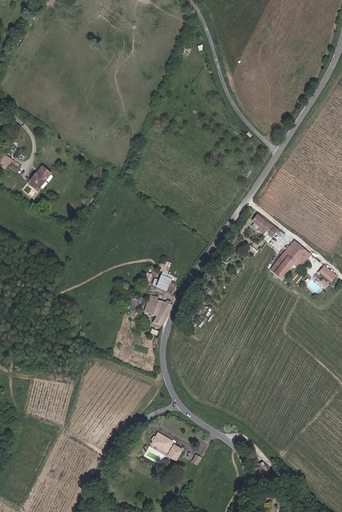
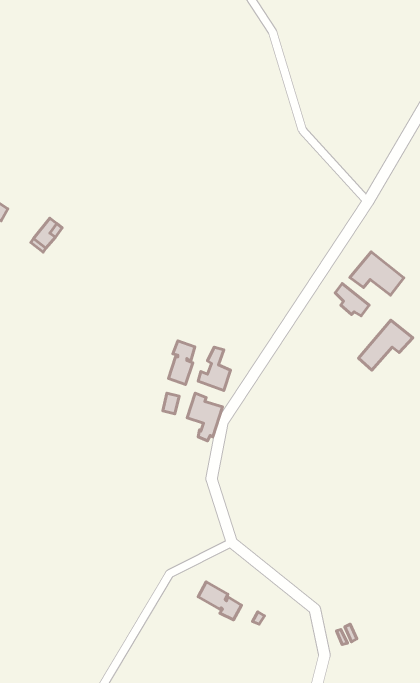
building: none -> [350,252,404,295]
building: none -> [168,341,195,384]

